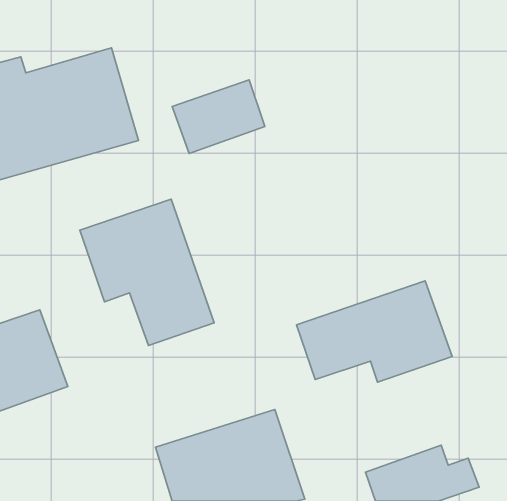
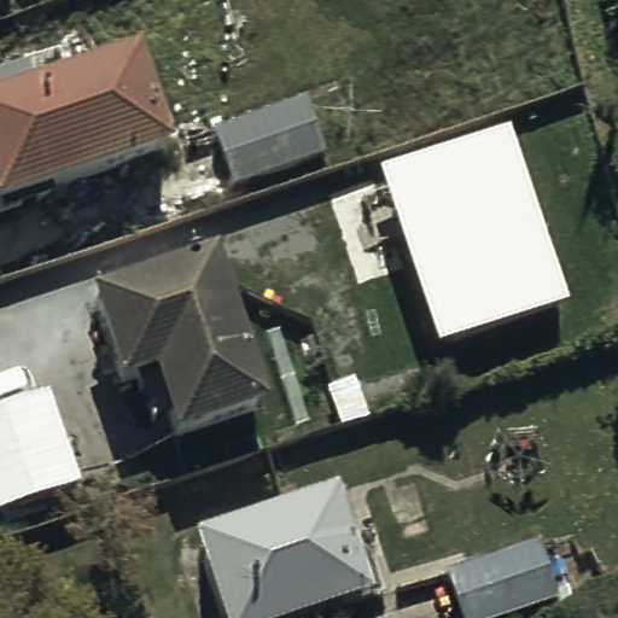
building: none -> [378,111,569,331]
building: [297,281,452,382] -> none

